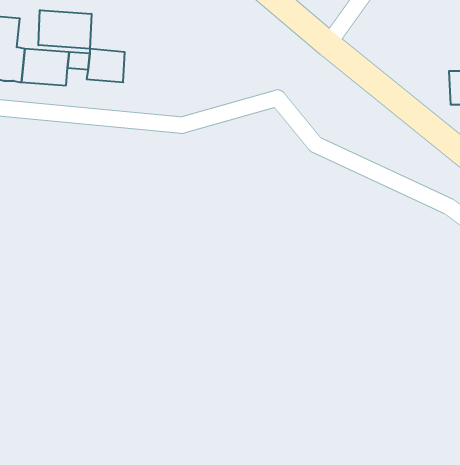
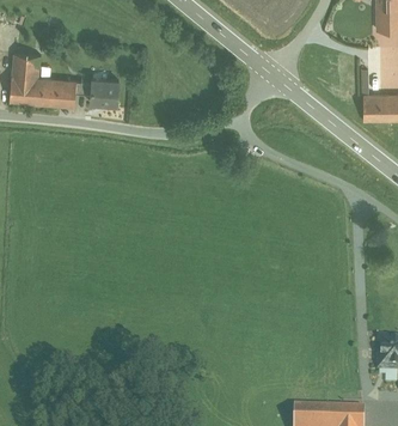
building: [38,10,91,49] -> none

